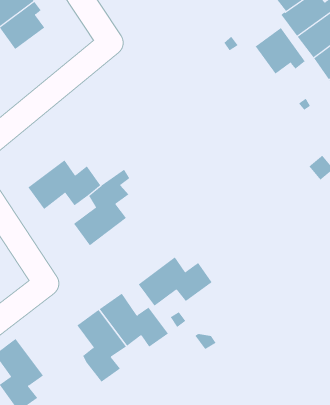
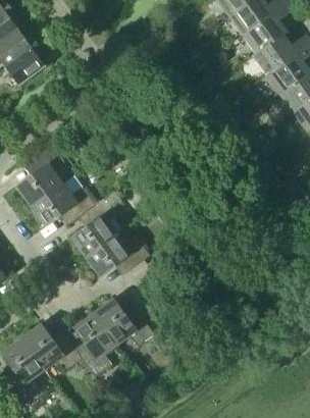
building: [255,27,305,74] -> none
building: none -> [16,145,64,206]
building: [138,256,212,307] -> [85,232,150,276]
building: none -> [20,323,82,371]

